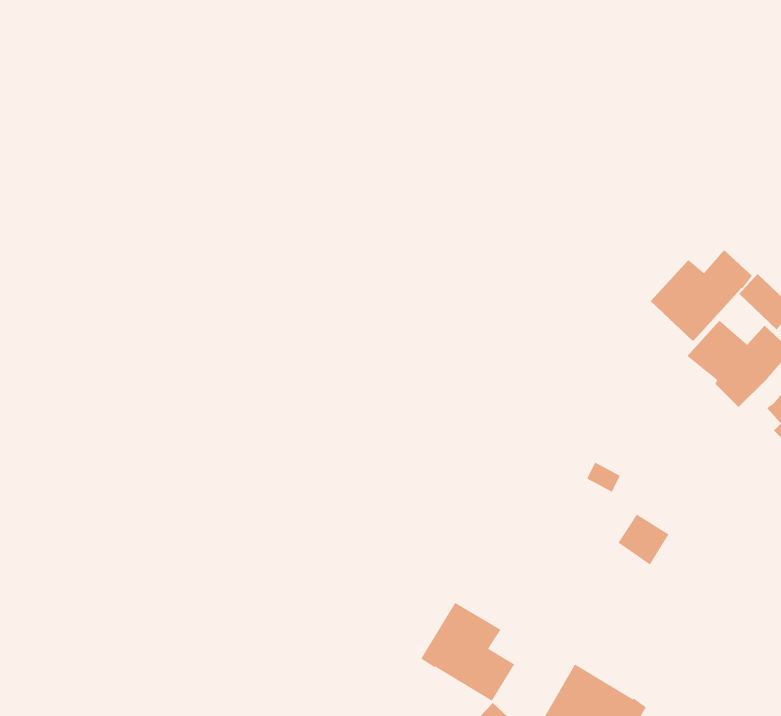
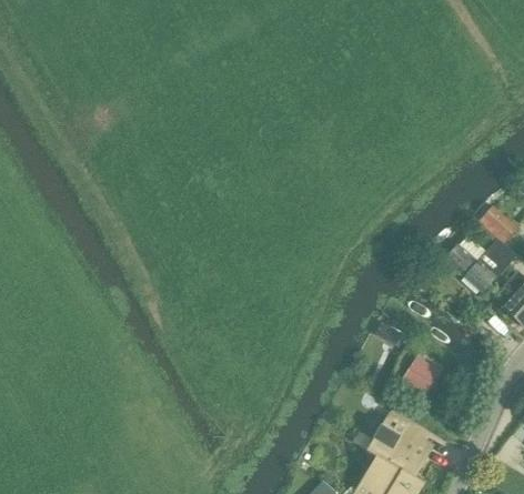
building: [650,249,753,342] -> none
building: [420,602,515,702] -> [367,414,429,478]

